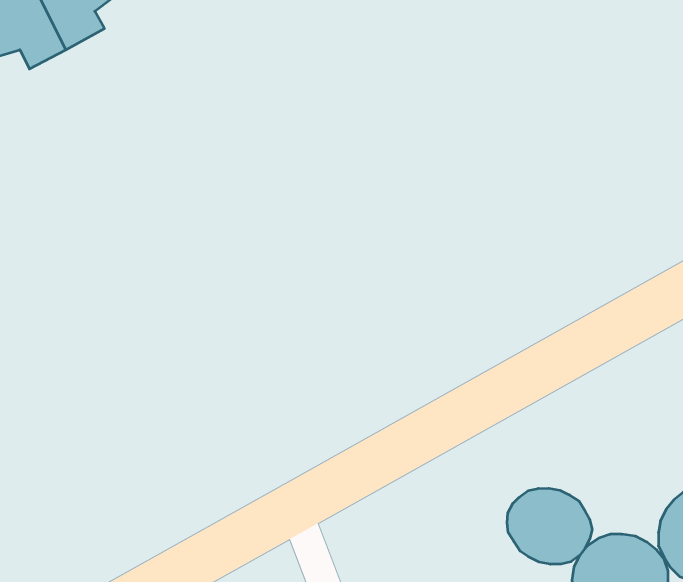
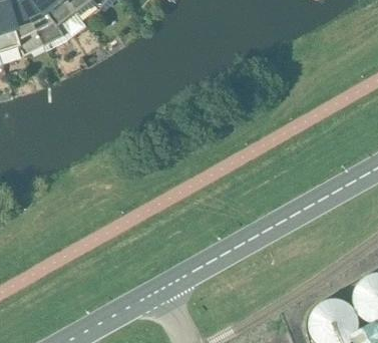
building: [507,488,592,564] -> none

